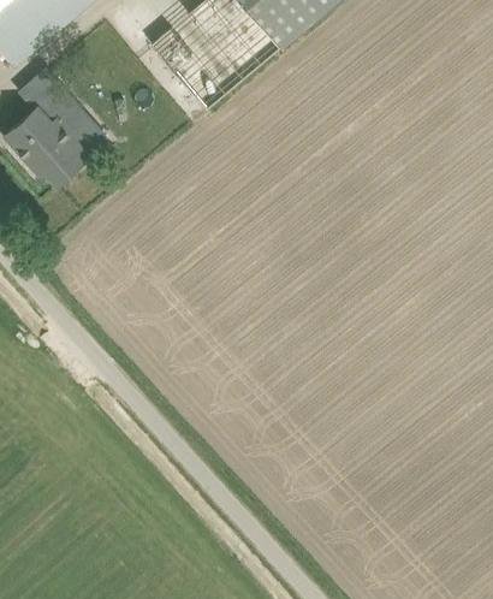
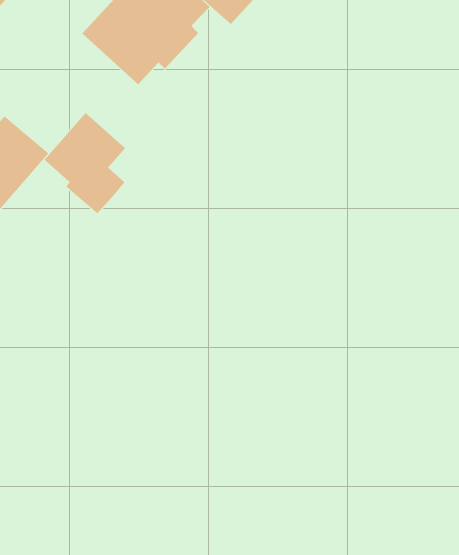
building: none -> [44,112,126,214]

